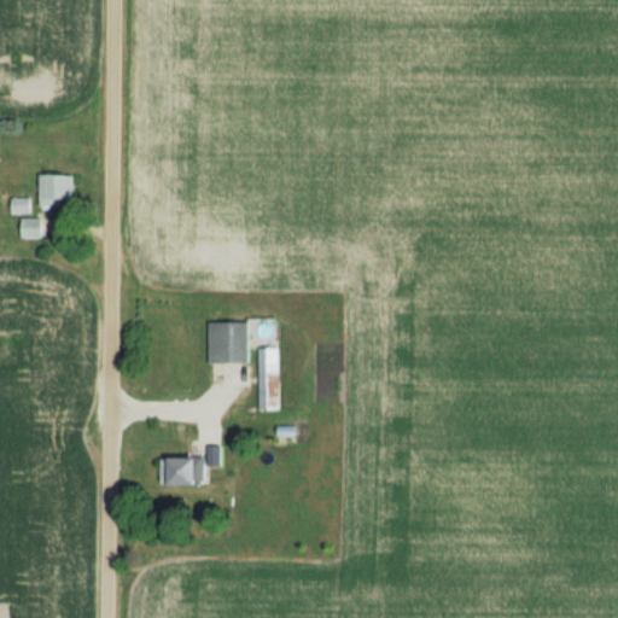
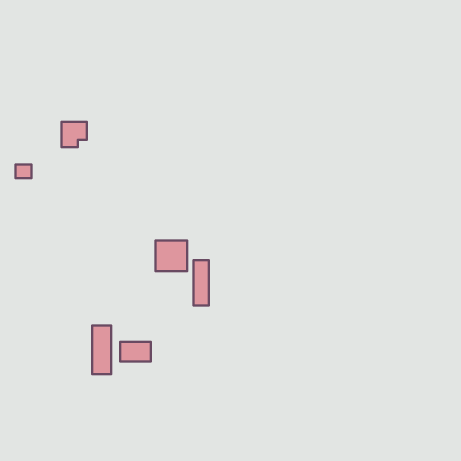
building: [40,175,74,209] -> [61,122,87,147]
building: none -> [92,326,111,374]

